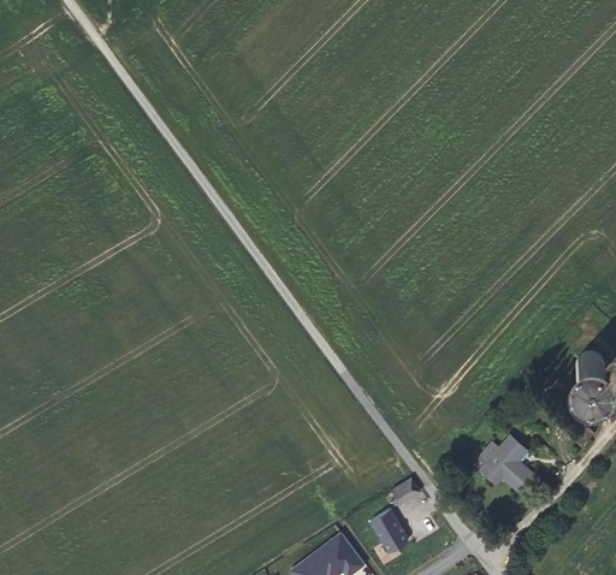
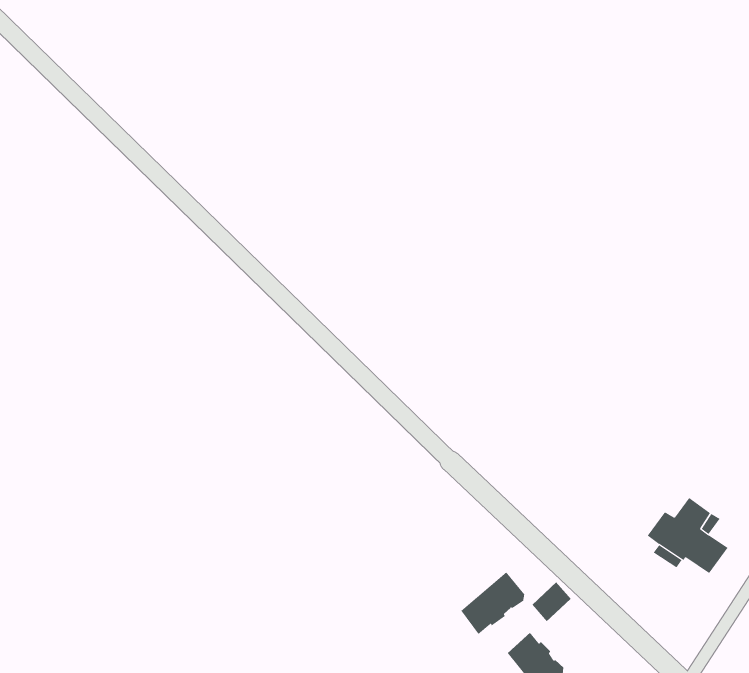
building: none -> [460,571,525,635]

